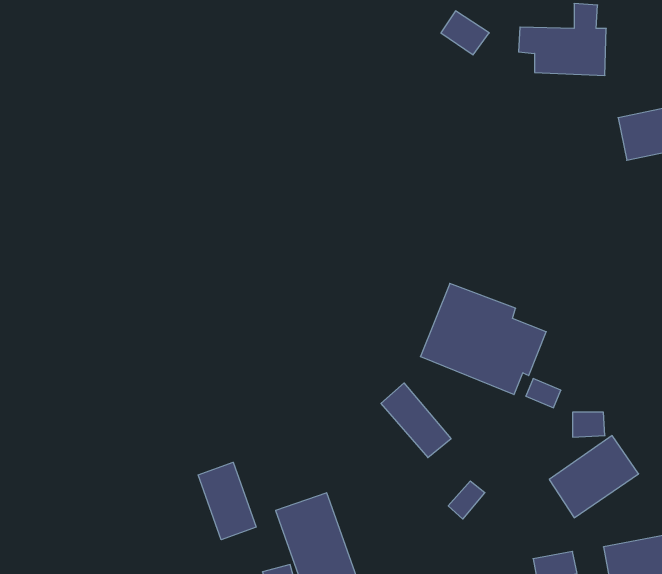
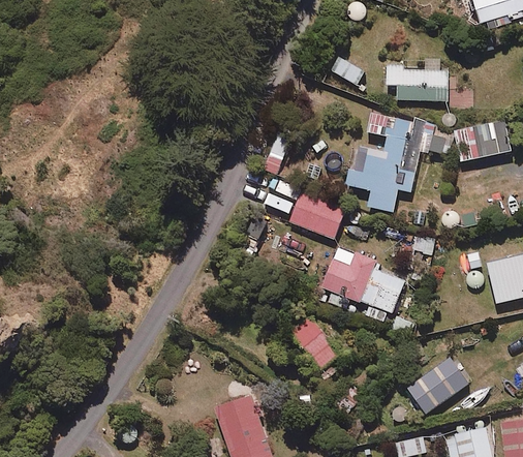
building: none -> [345,113,453,211]
building: none -> [289,191,345,239]
building: [198,462,256,540] -> none

